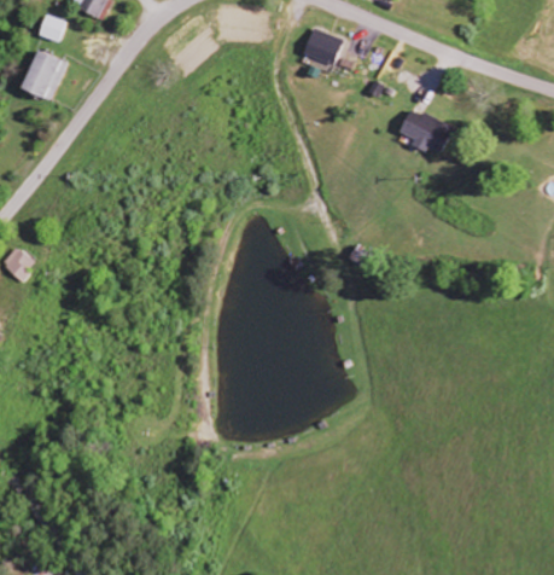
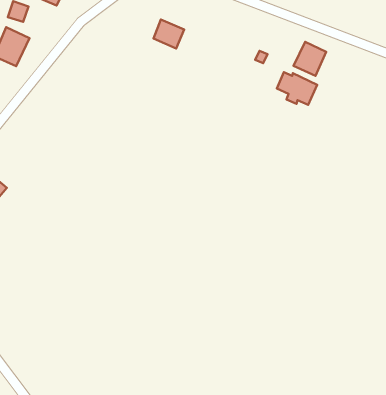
building: [304,28,345,66] -> [154,20,184,48]
building: none -> [293,42,326,76]

